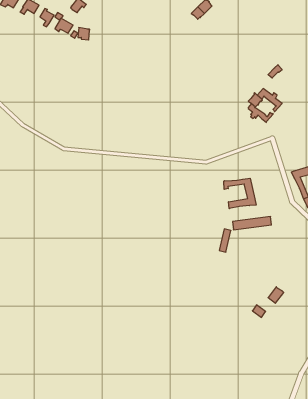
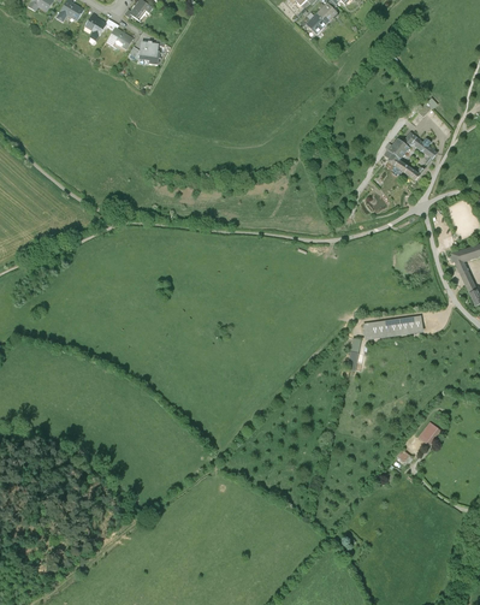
building: [224,178,256,209] -> none

